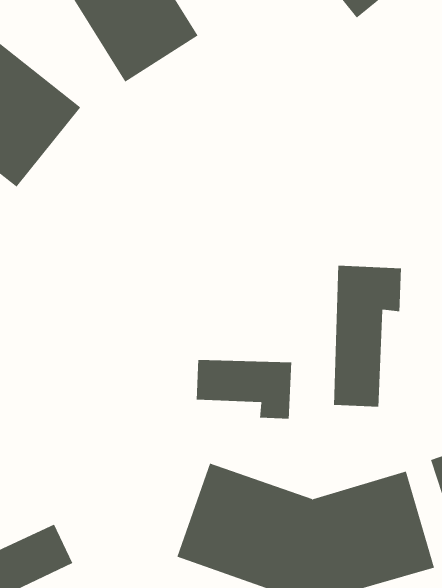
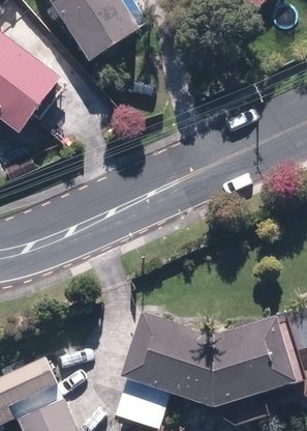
building: [334,265,402,407] -> none
building: [196,359,292,419] -> none

